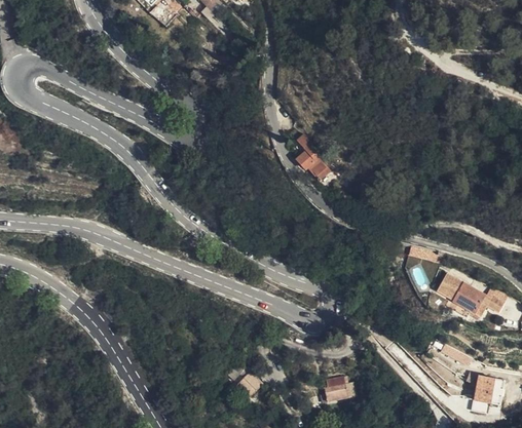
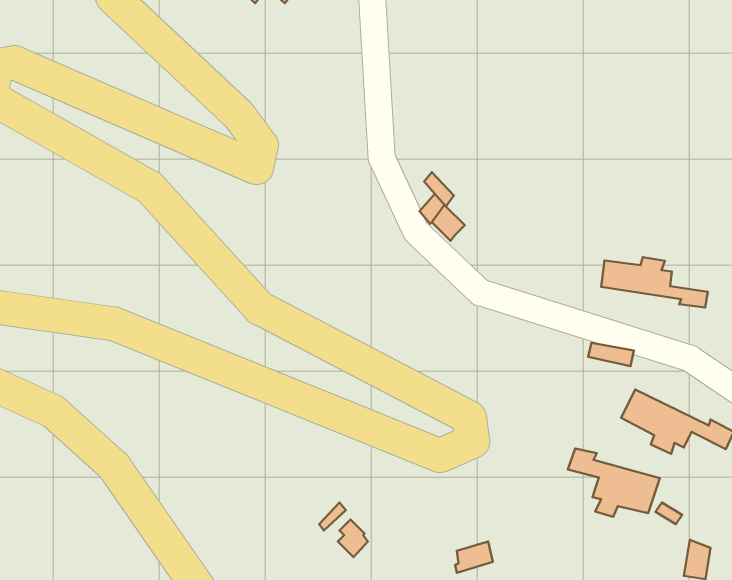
building: none -> [601,257,708,307]
building: none -> [568,448,660,517]

